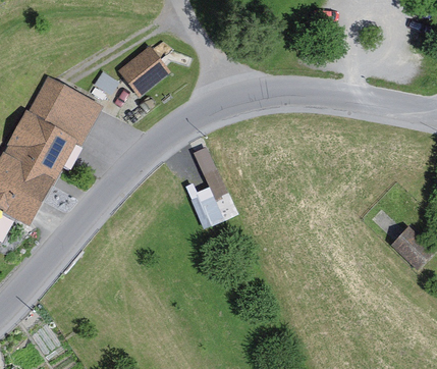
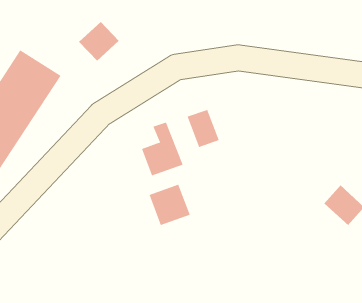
building: none -> [187,109,220,148]
building: none -> [149,184,190,226]

